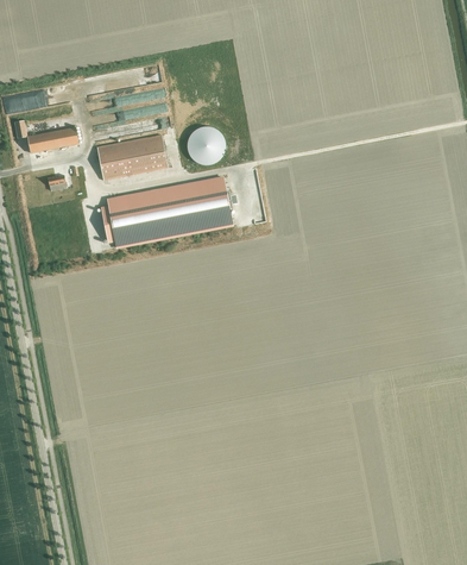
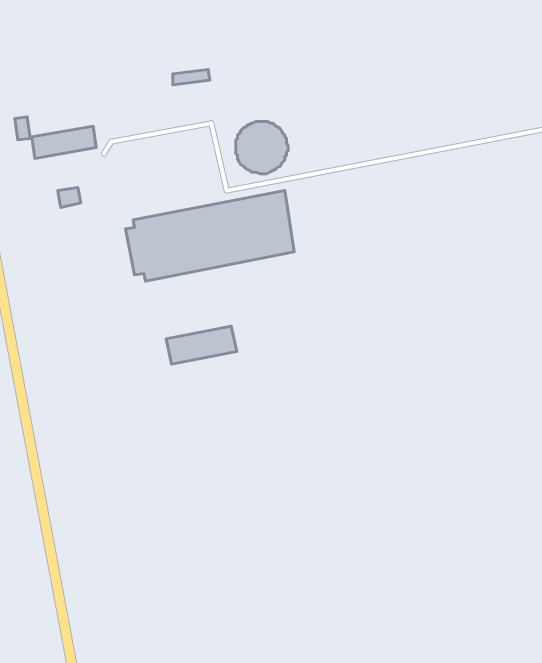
building: [97,134,169,180] -> none
building: none -> [166,326,237,364]

